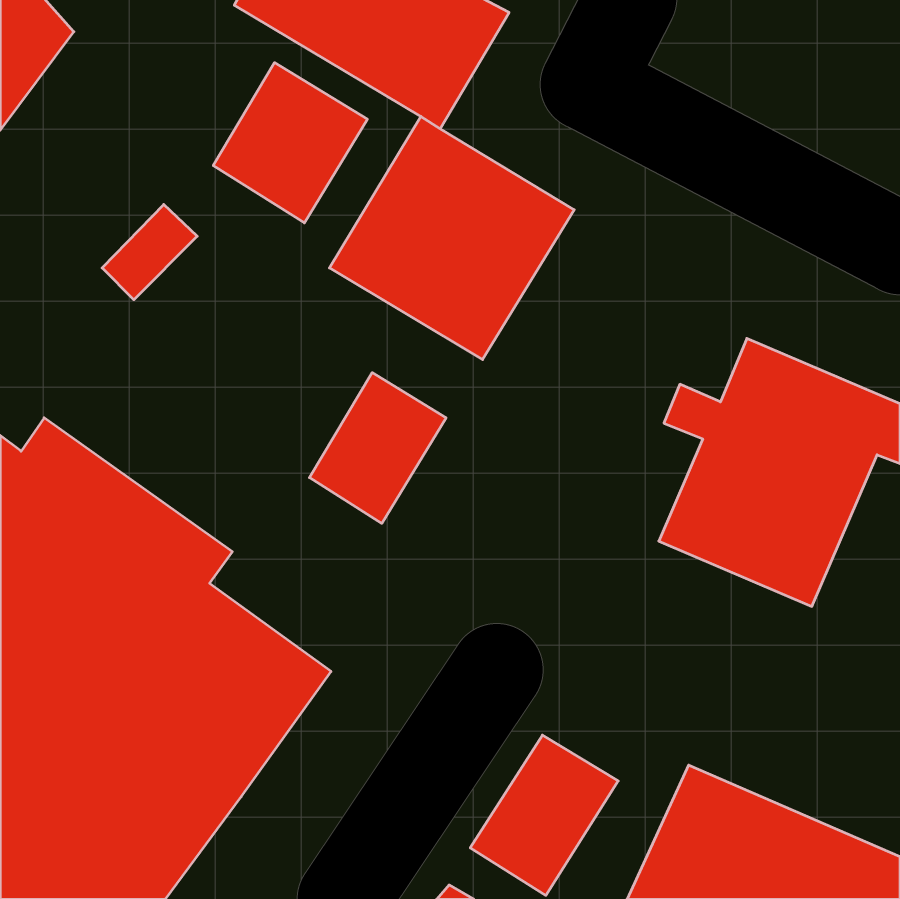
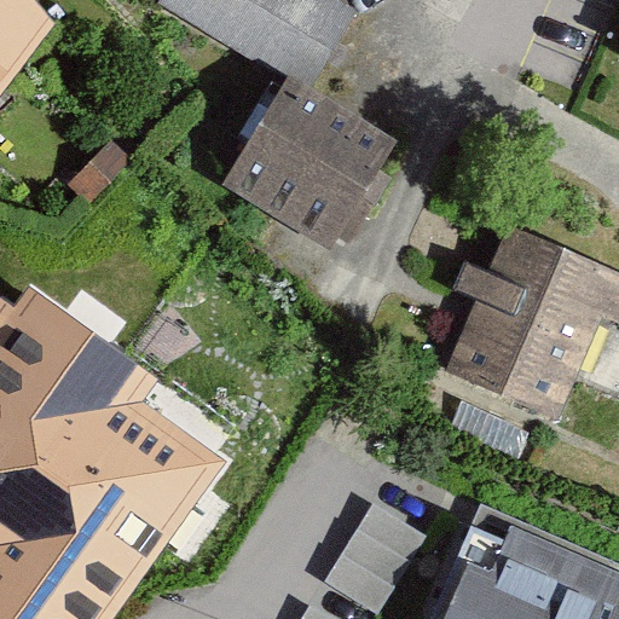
building: [213,63,367,223] -> none
building: [309,373,446,523] -> none

